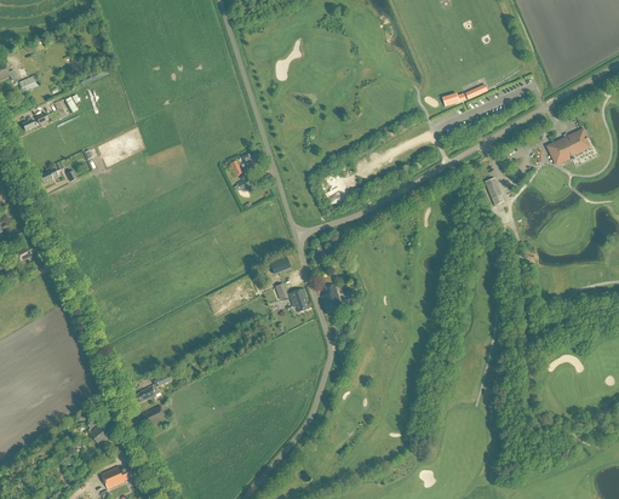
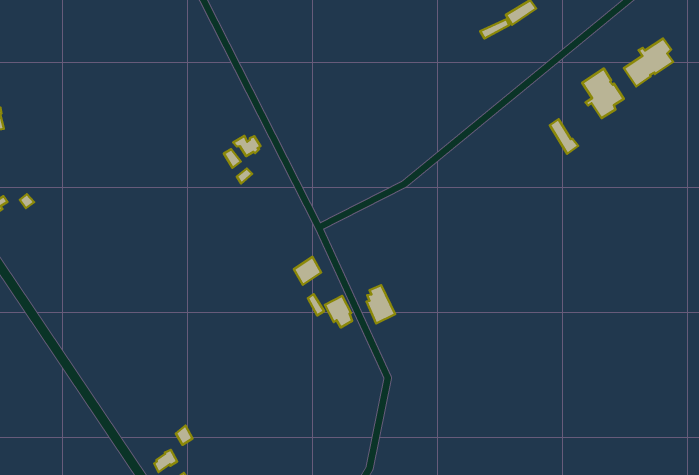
building: none -> [582,69,624,118]

